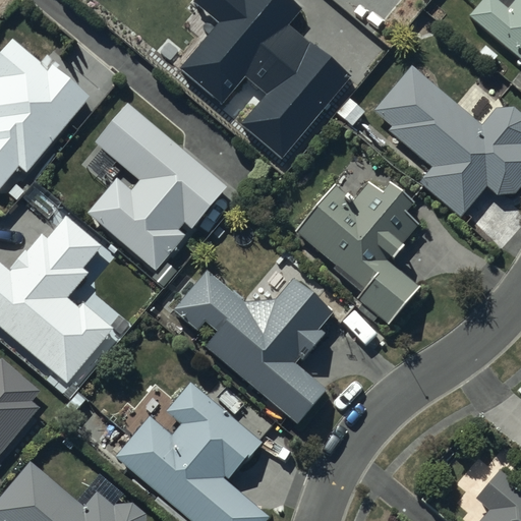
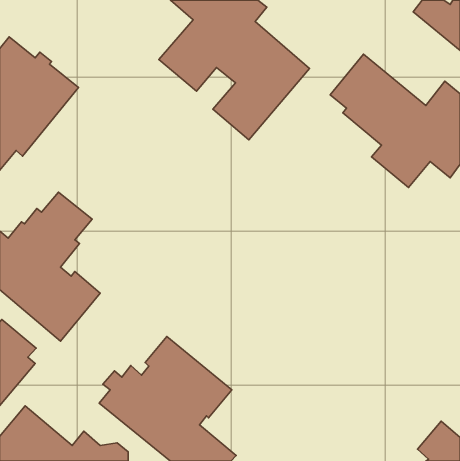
building: [88,104,230,275] -> none
building: [294,180,421,324] -> none
building: [178,277,333,428] -> none

